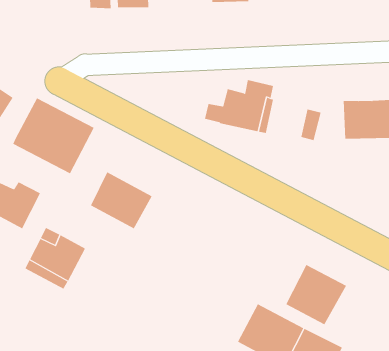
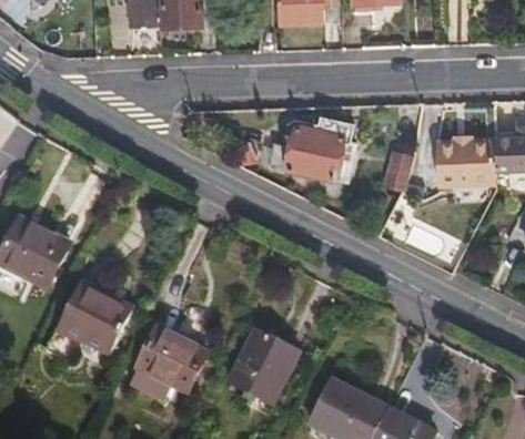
building: [12,98,95,174] -> none
building: [90,171,153,229] -> [140,328,215,398]
building: [286,264,347,325] -> none
building: none -> [232,336,300,410]

